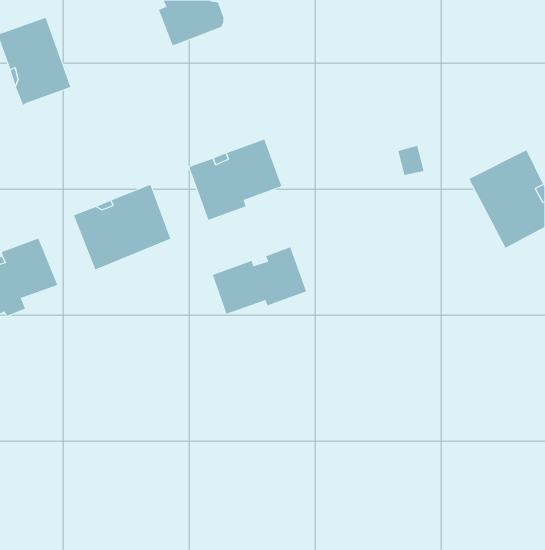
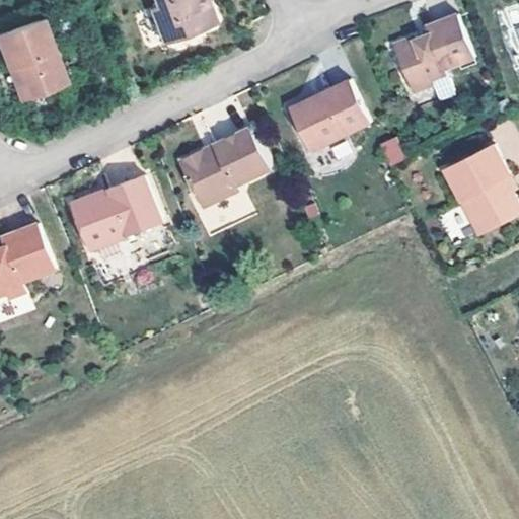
building: none -> [395,18,471,93]
building: none -> [291,88,370,156]
building: [212,247,307,314] -> none

